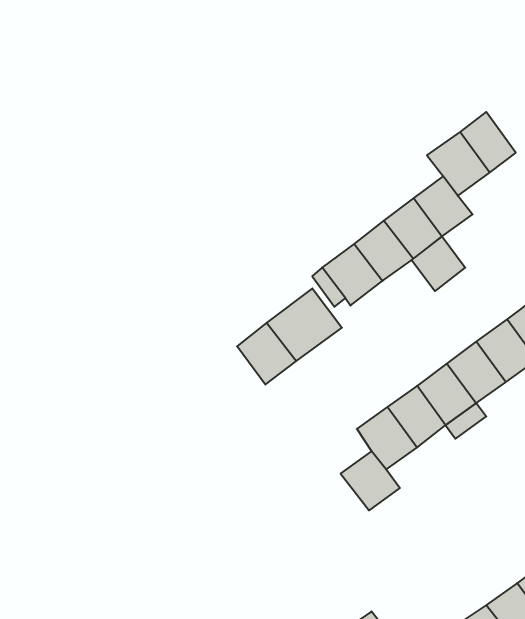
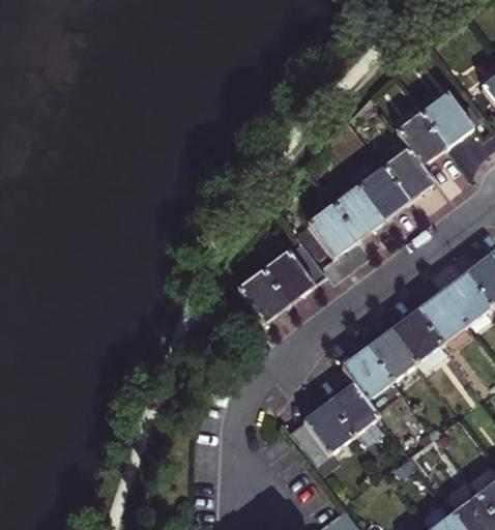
building: [412,237,465,291] -> none
building: none -> [288,400,351,460]

